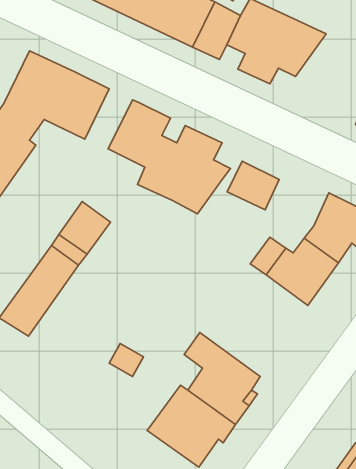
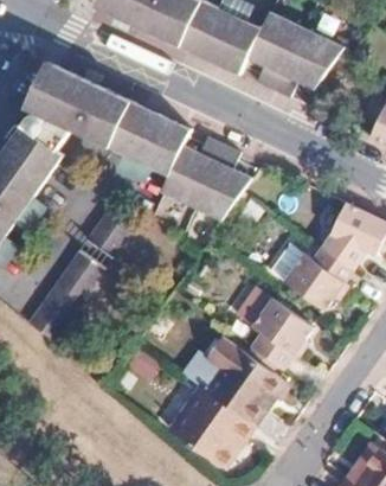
building: none -> [108,102,154,160]
building: [227,161,279,210] -> none
building: none -> [250,299,311,370]

